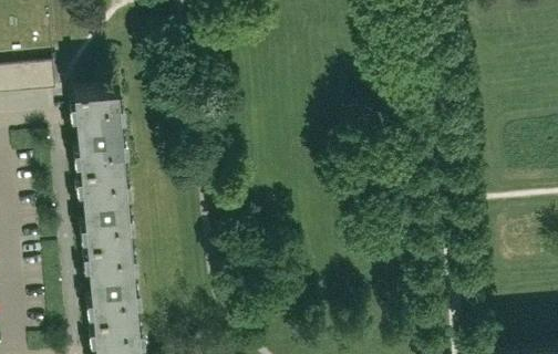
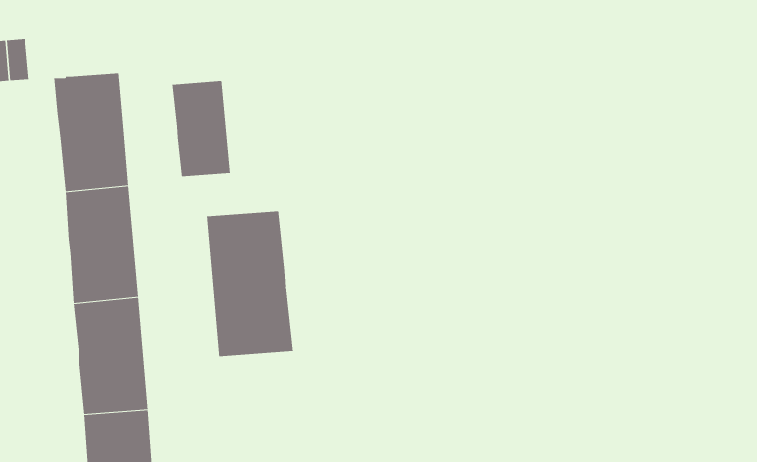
building: none -> [172,80,230,177]
building: none -> [206,211,293,357]

